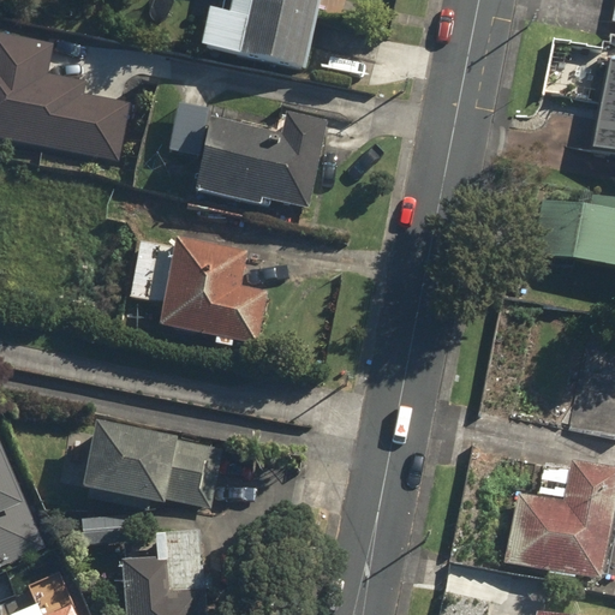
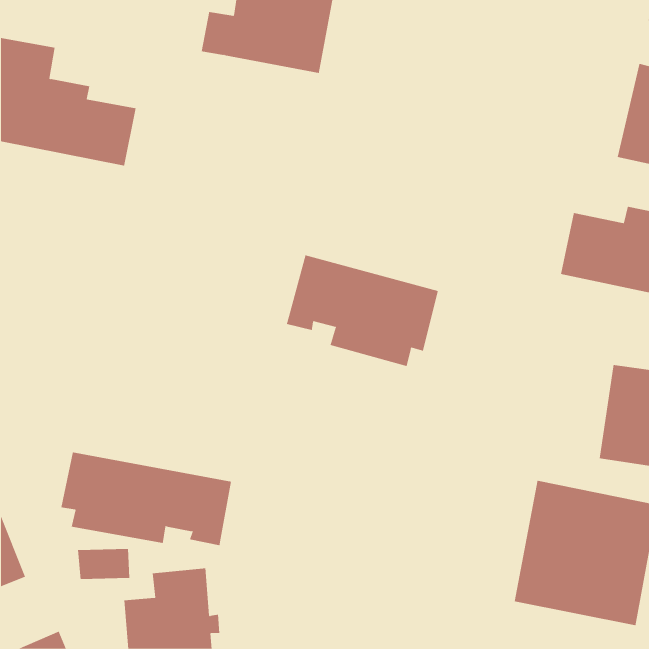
building: [168,101,326,208] -> none
building: [133,223,268,346] -> none
building: none -> [286,254,438,367]

